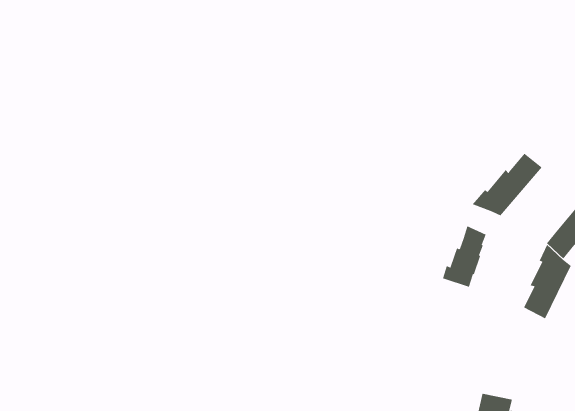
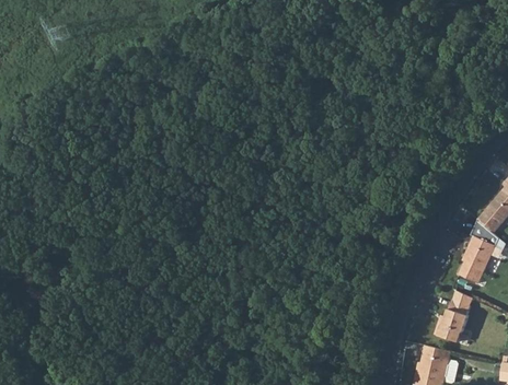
building: [472,153,543,216] -> none
building: [442,225,486,288] -> [434,289,471,341]

